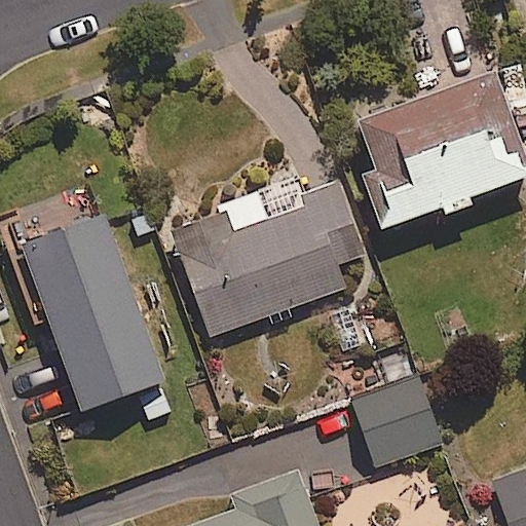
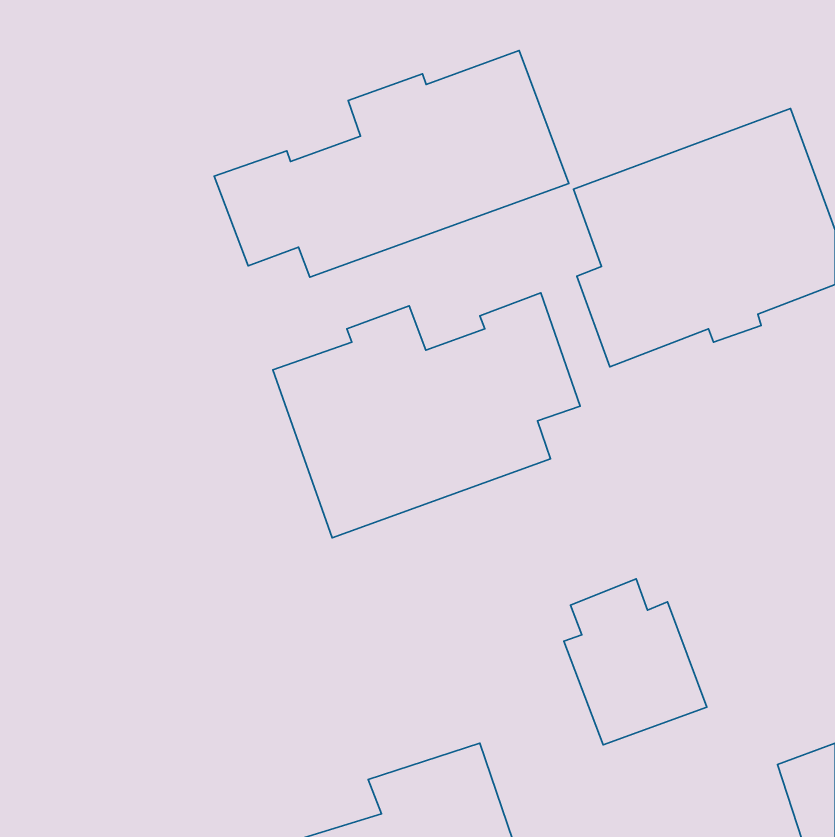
building: none -> [214,50,569,277]
building: [23,216,173,425] -> none

